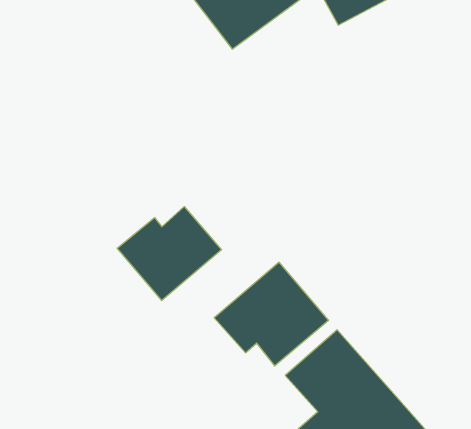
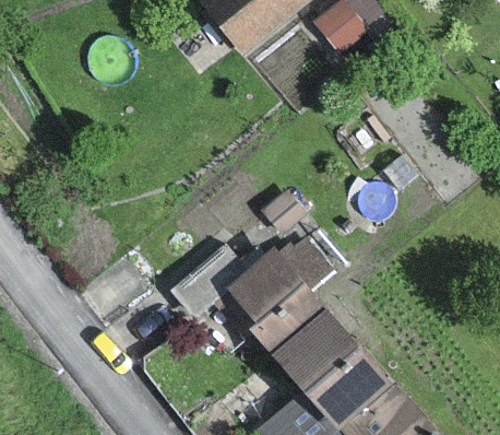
building: [117,207,222,301] -> none

